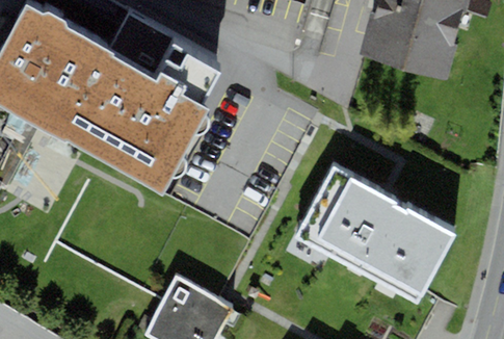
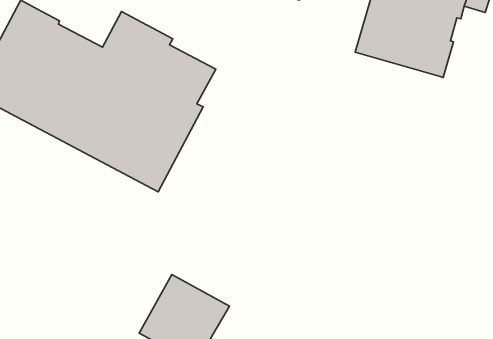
building: [296,164,456,301] -> none

